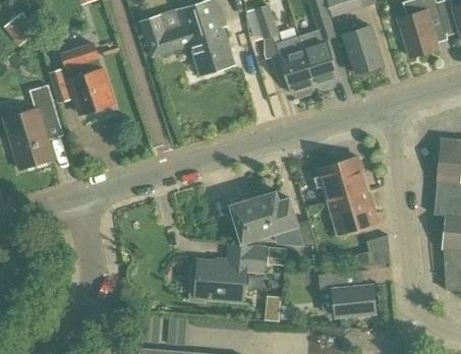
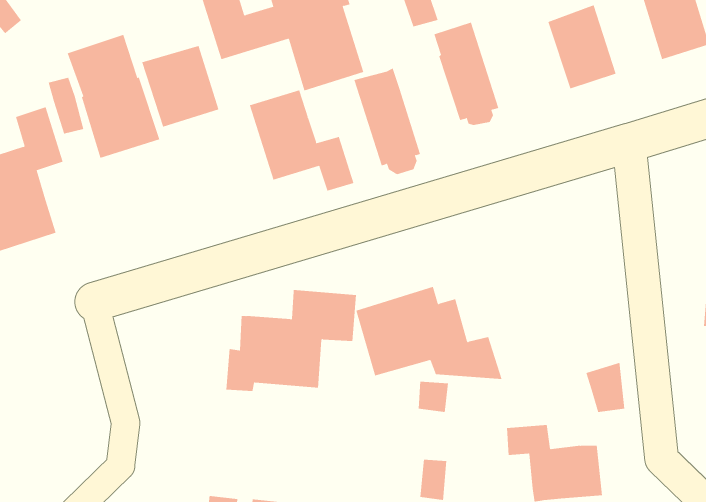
building: [298,28,338,92] -> [354,68,421,175]
building: none -> [141,45,219,127]
building: none -> [249,89,354,192]
building: [319,157,378,234] -> none
building: [188,244,266,304] -> [225,290,357,392]

